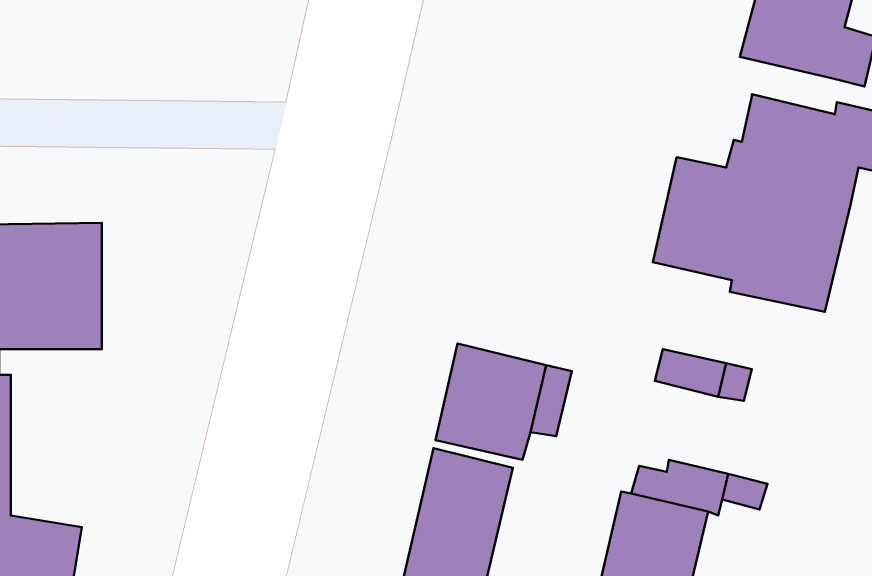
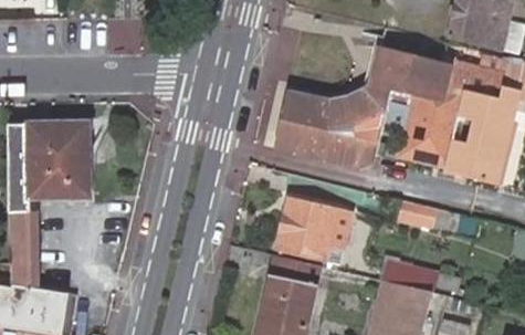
building: none -> [275,43,453,167]

